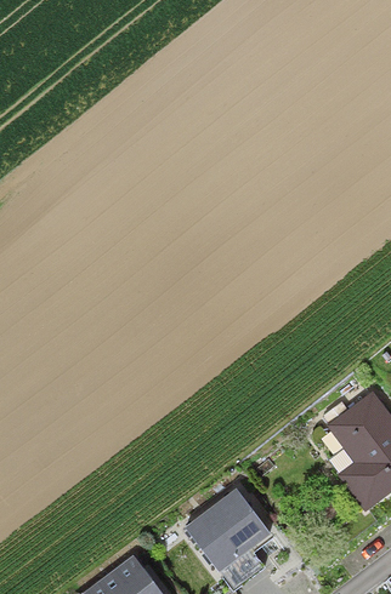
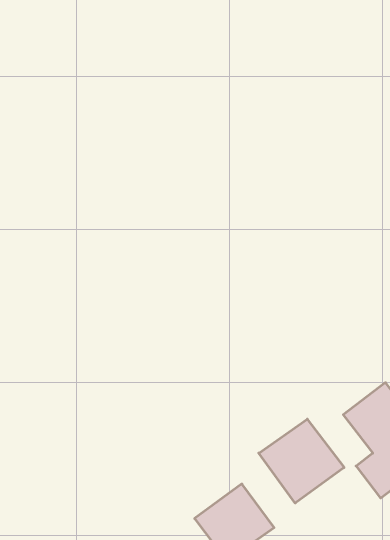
building: none -> [259,419,344,503]

